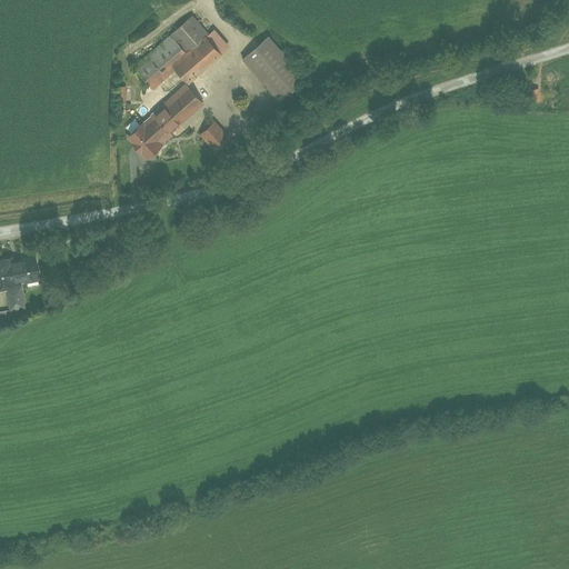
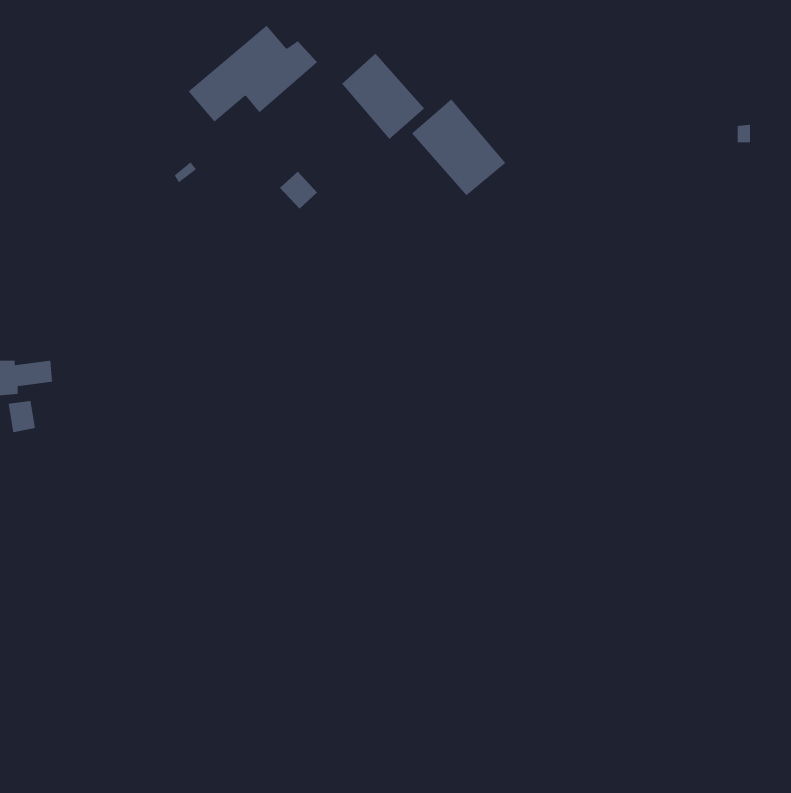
building: none -> [411,99,506,196]
building: [126,83,201,161] -> none

